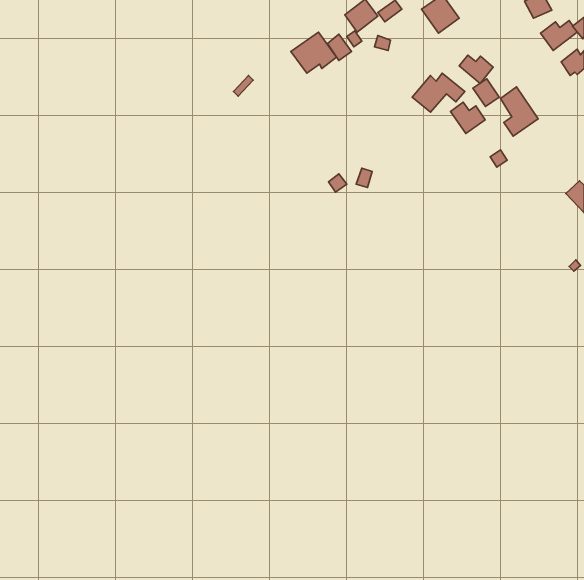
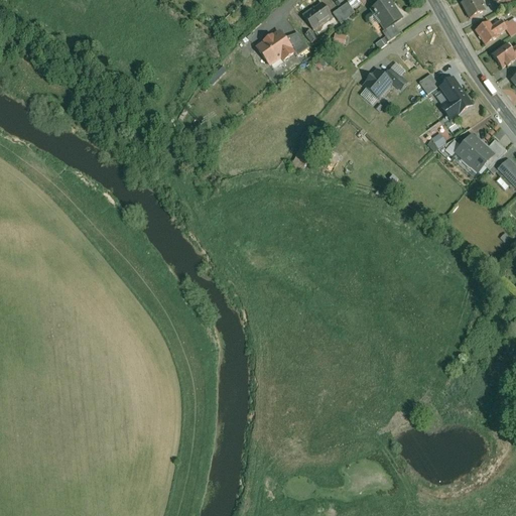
building: [459,55,493,83] -> none
building: [450,102,485,134] -> none
building: none -> [456,133,496,173]

